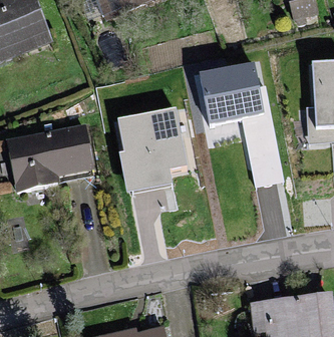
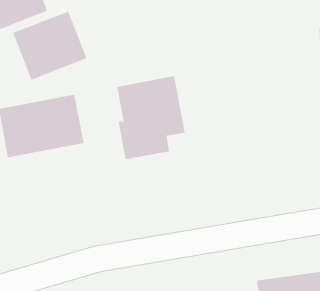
building: none -> [13,11,87,80]
building: [200,59,263,118] -> none

